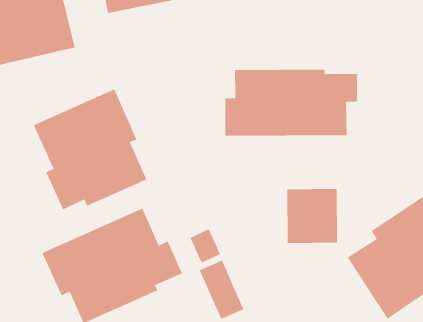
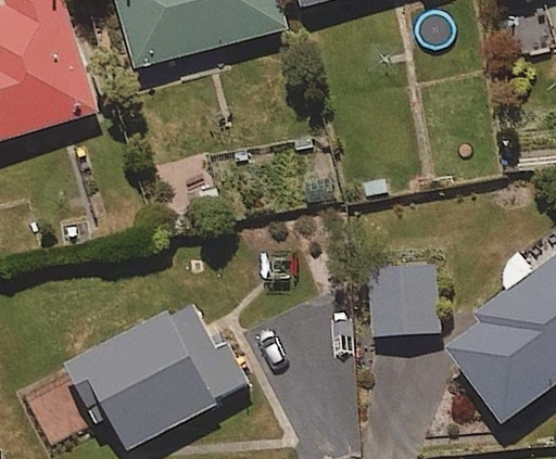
building: [225,69,358,137] -> none
building: [33,89,147,210] -> none

